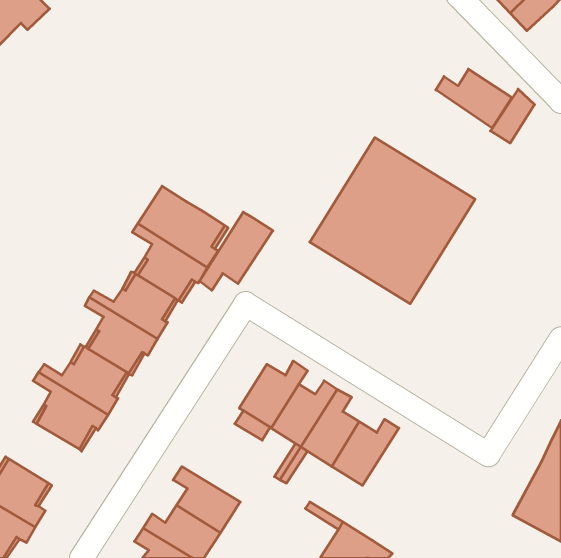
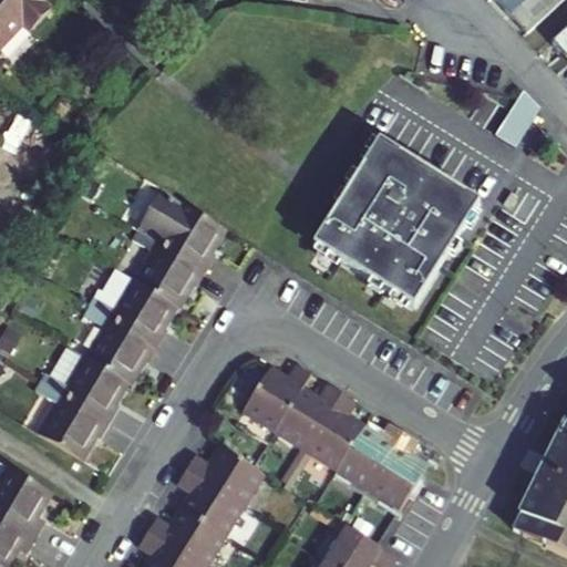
building: [436,69,512,128] -> none
building: [199,212,273,290] -> none
building: none -> [364,431,424,508]
building: none -> [183,446,261,505]

